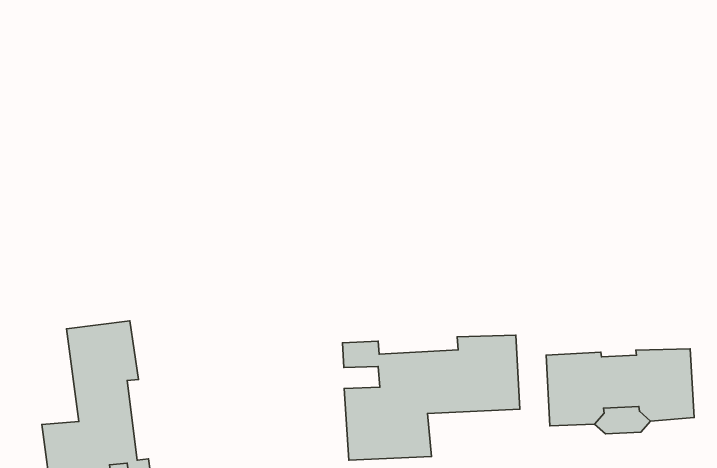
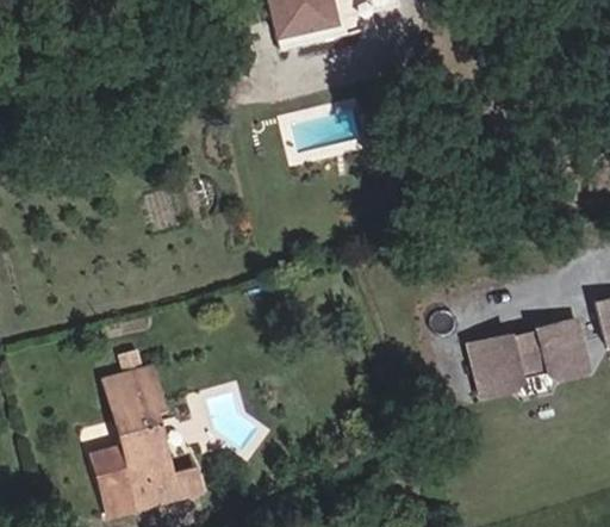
building: [343,335,520,460] -> none

